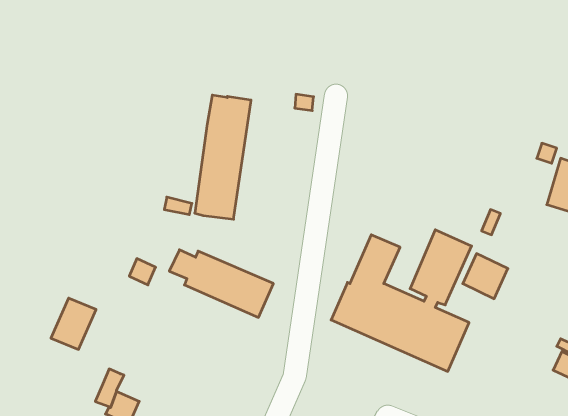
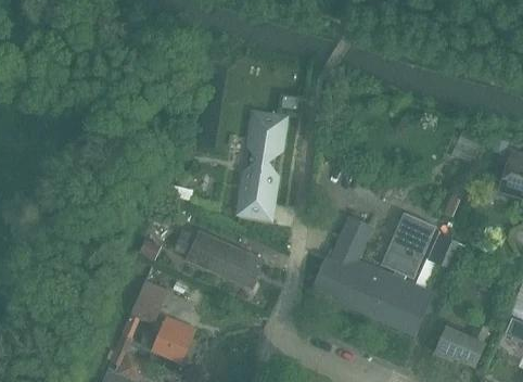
building: [195,95,251,219] -> [238,112,286,219]
building: [51,298,96,349] -> [130,280,169,324]
building: none -> [141,317,196,362]
building: none -> [436,323,489,366]

